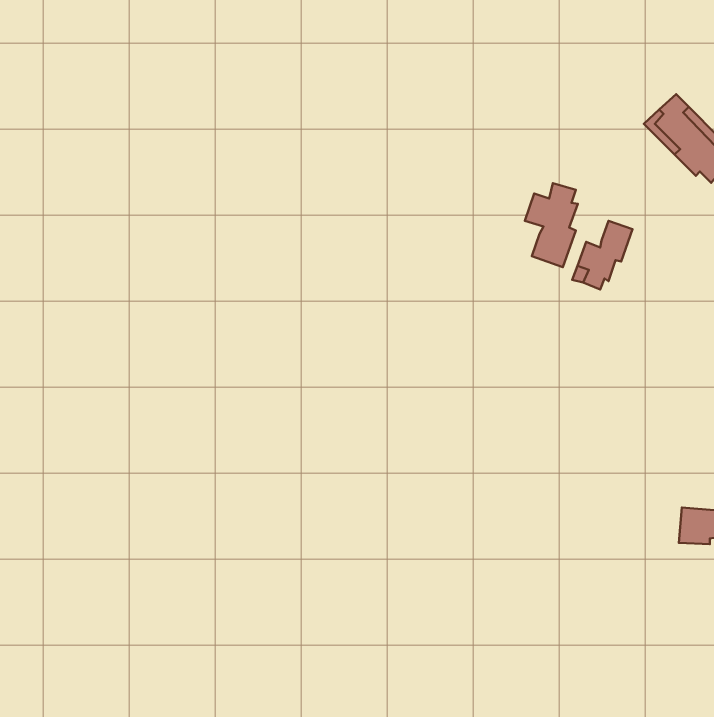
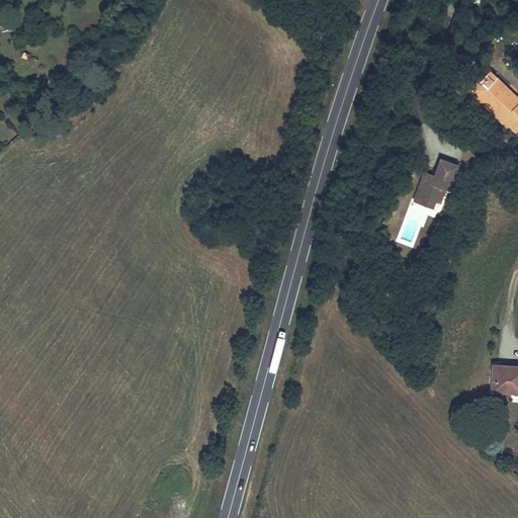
building: [525,183,578,267] -> none

